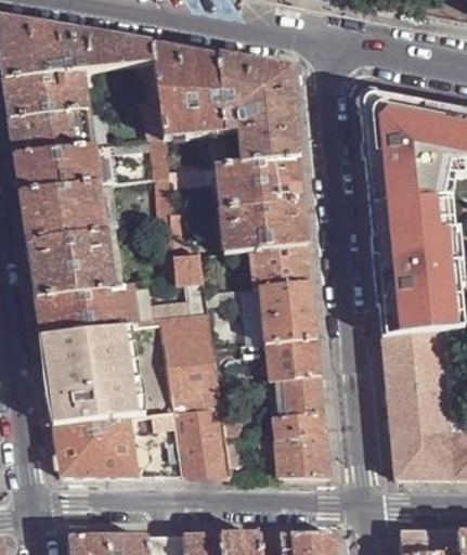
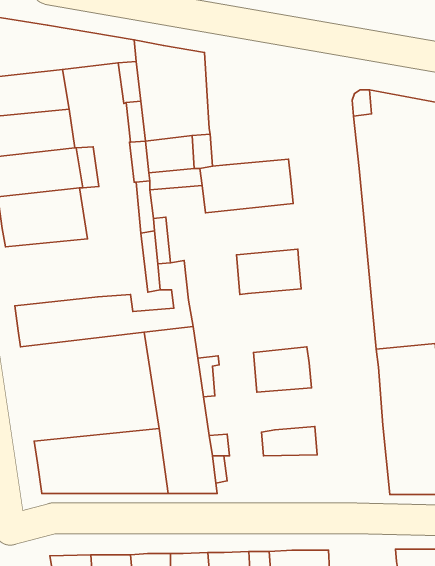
building: [218,56,298,164] -> none
building: [219,201,307,253] -> none
building: [28,234,116,298] -> none
building: [249,282,315,344] -> none
building: [42,323,174,427] -> none
building: [268,376,323,416] -> none
building: [274,440,328,478] -> none

